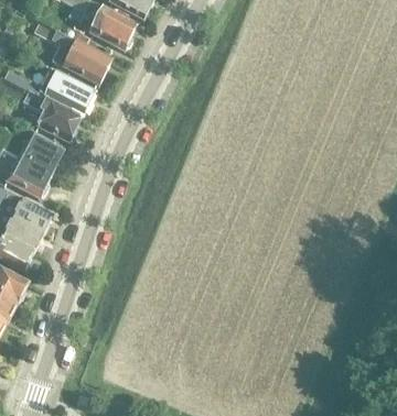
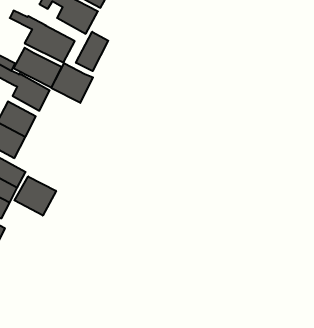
building: none -> [76,32,108,71]
building: none -> [51,63,93,103]
building: none -> [14,176,56,216]

